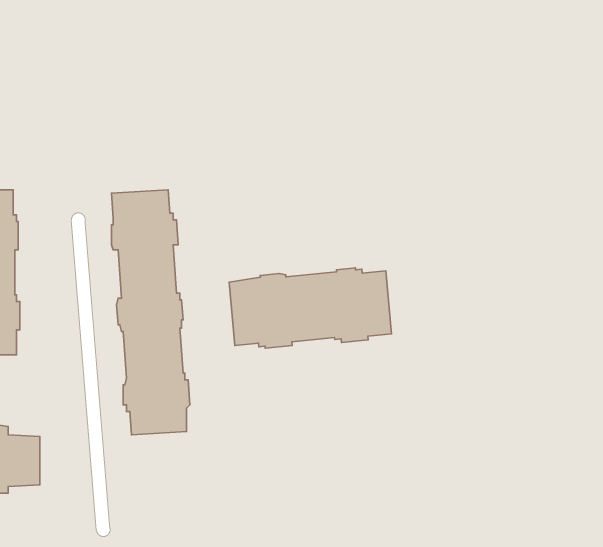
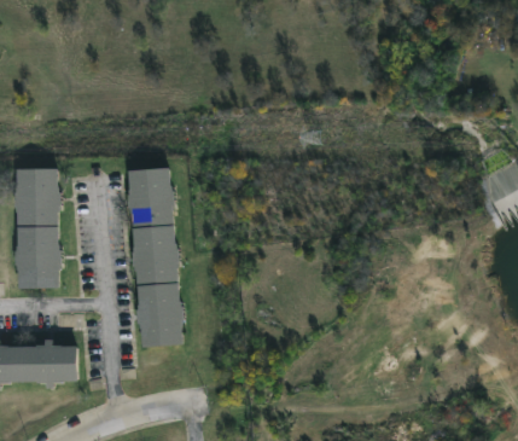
building: [229,268,392,348] -> none

